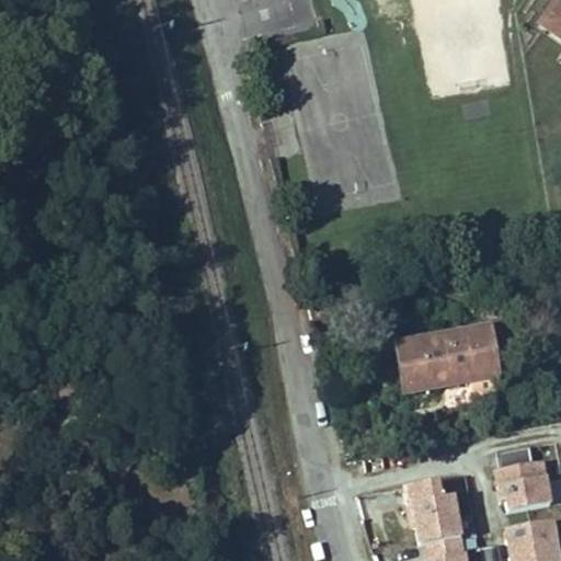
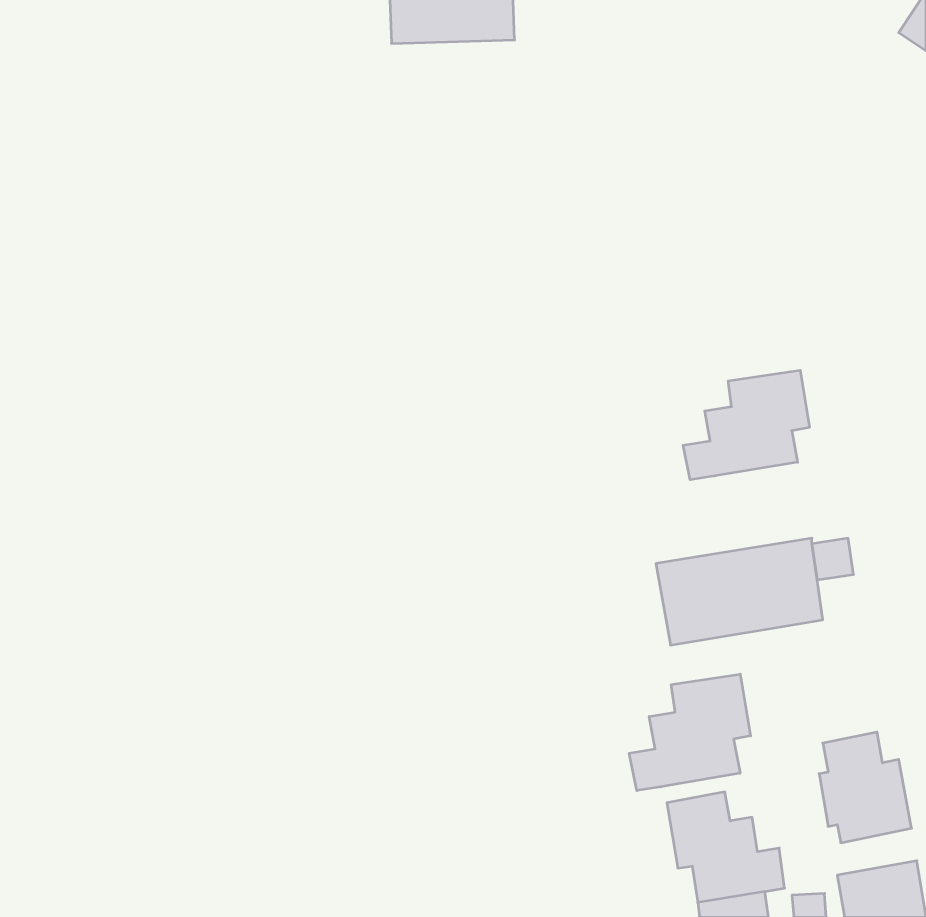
building: none -> [683,370,809,480]
building: none -> [629,674,751,791]

